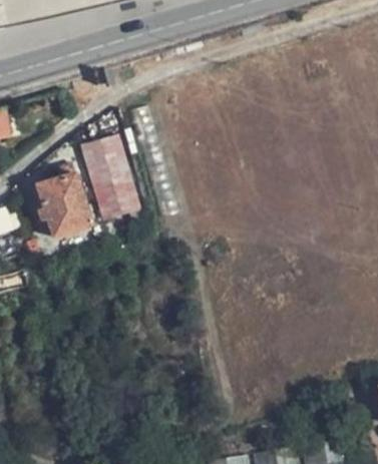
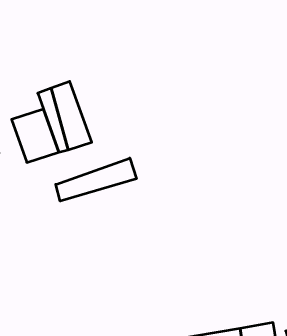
building: none -> [56,158,136,201]

